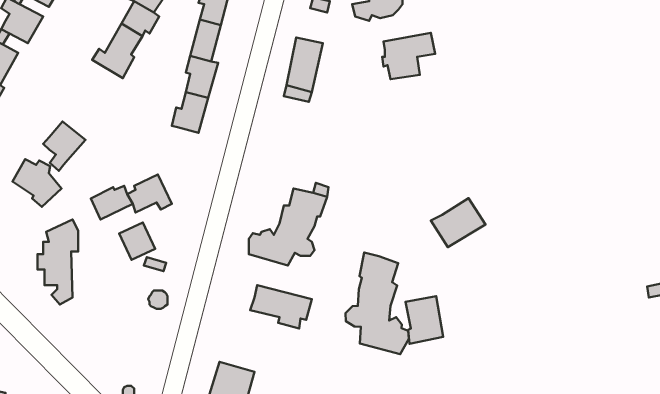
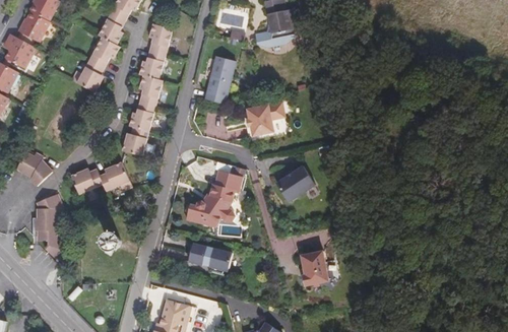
building: [382,33,435,79] -> [244,101,282,134]
building: [43,121,85,171] -> none
building: none -> [123,127,148,154]
building: [431,198,485,247] -> [273,165,313,201]
building: [119,223,155,260] -> none
building: [345,253,409,354] -> none

